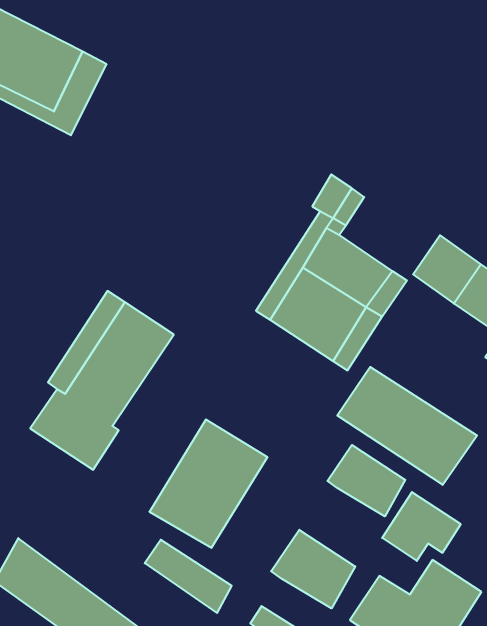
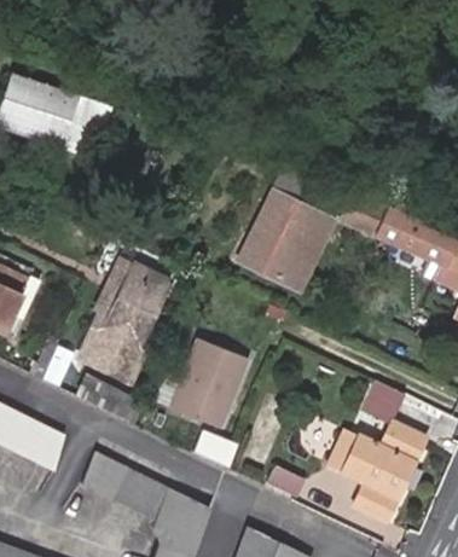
building: [337,367,477,485] -> none
building: [327,445,405,516] -> none
building: [271,530,355,608] -> none

